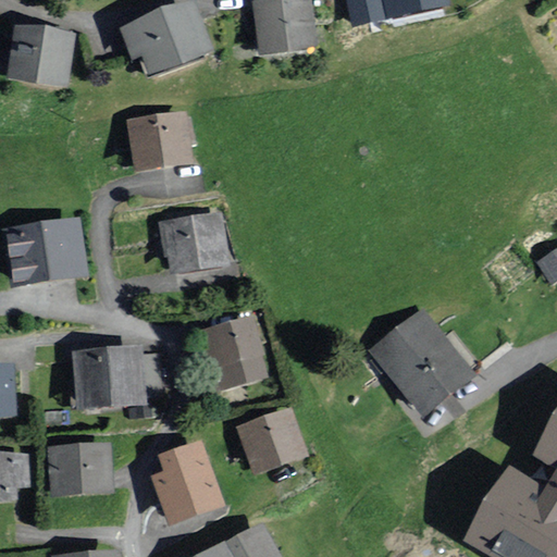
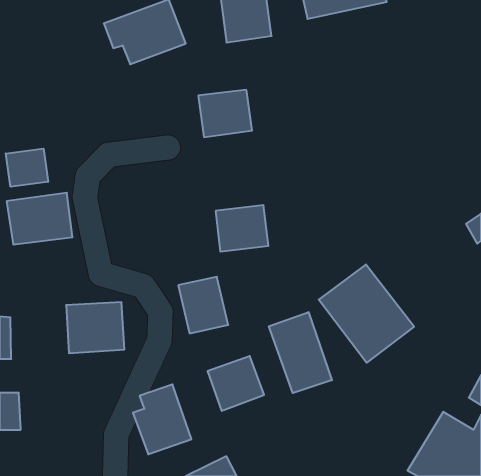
building: [5,23,76,88] -> none
building: [129,112,191,166] -> [198,90,252,137]
building: none -> [6,149,48,187]
building: [163,214,224,268] -> [216,205,268,252]
building: none -> [269,312,332,393]
building: [51,444,108,492] -> none

